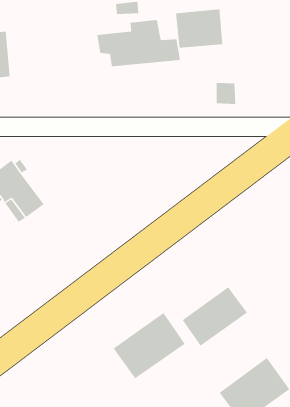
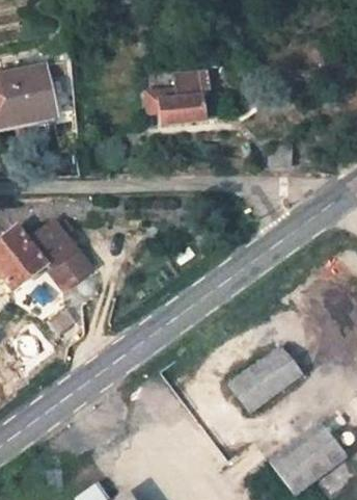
building: [176,9,223,49] -> none
building: [113,312,186,379] -> none

